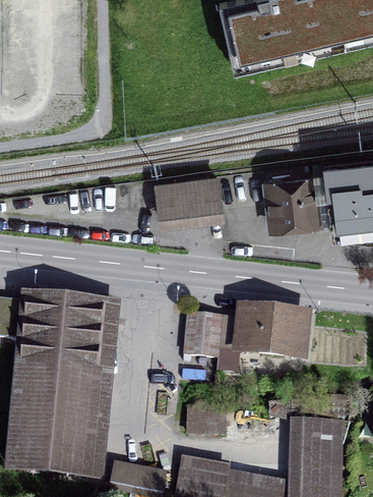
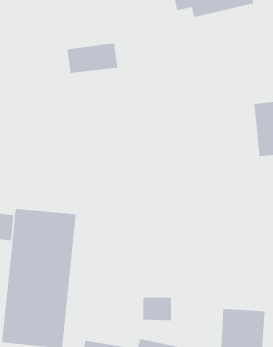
building: [158,177,223,216] -> [66,43,118,73]
building: [269,178,319,224] -> none
building: [186,313,314,370] -> none

